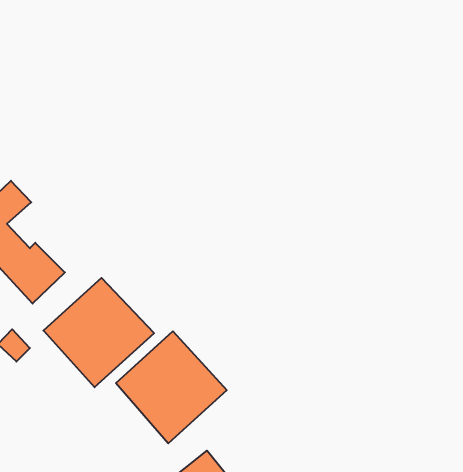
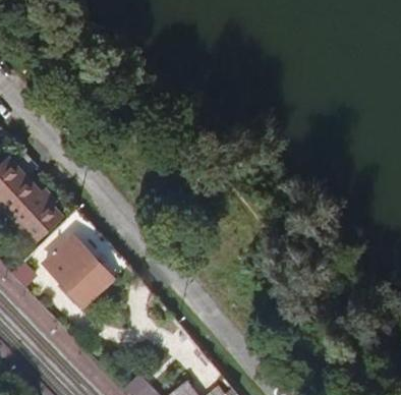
building: [116,331,227,443] -> none

